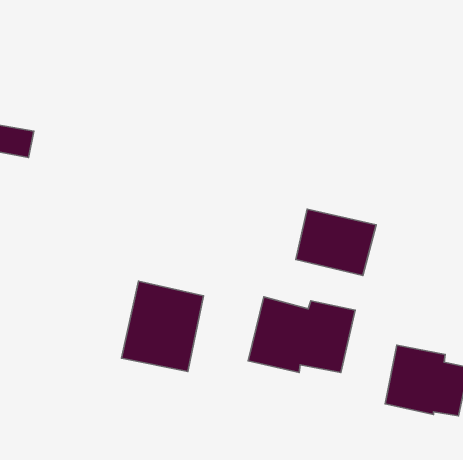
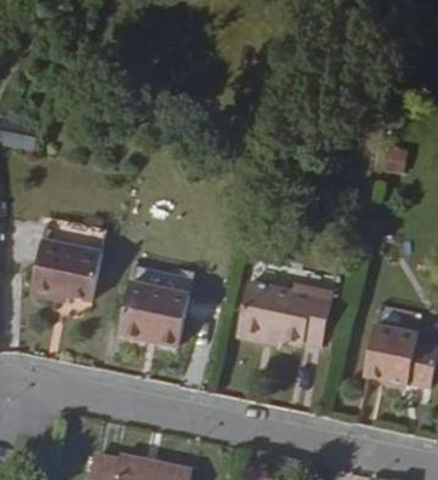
building: [296,209,376,276] -> none
building: none -> [30,217,106,302]

